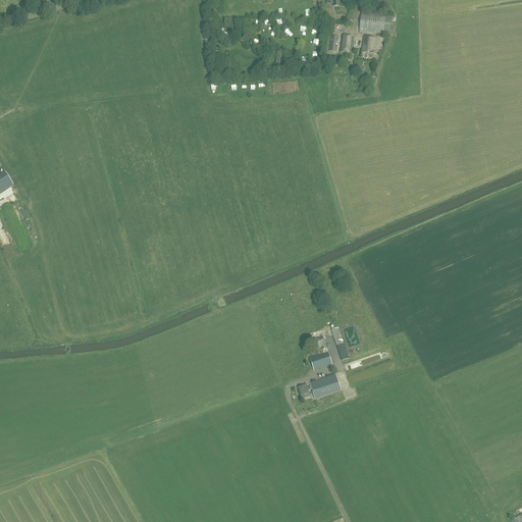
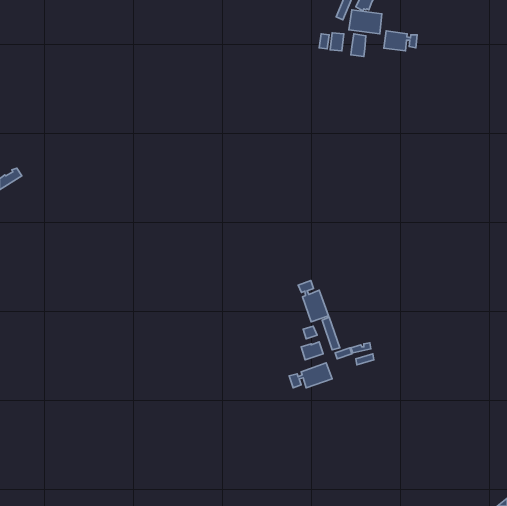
building: none -> [384,31,417,51]
building: none -> [298,280,328,322]

